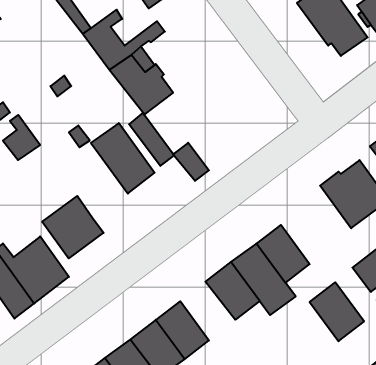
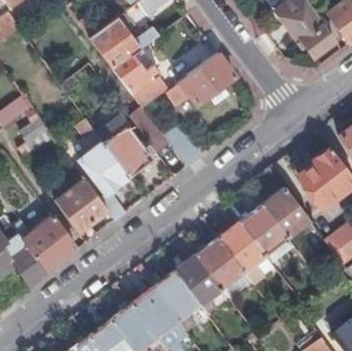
building: none -> [168,53,235,105]
building: none -> [79,143,129,220]
building: none -> [174,253,222,305]
building: [310,282,364,341] -> [261,187,309,238]

